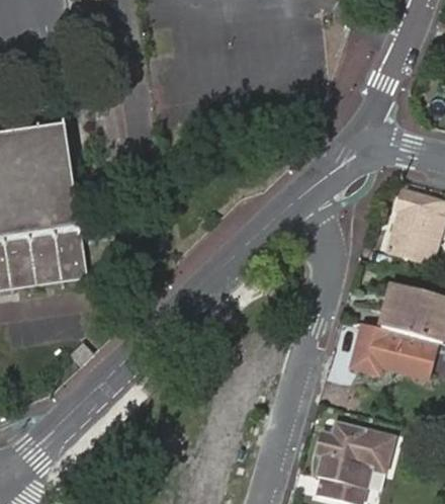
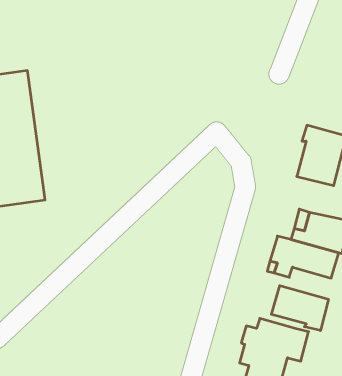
building: none -> [271,286,328,331]

